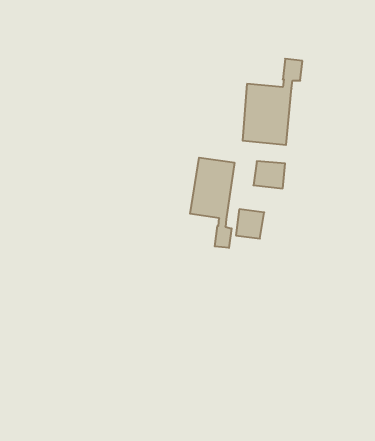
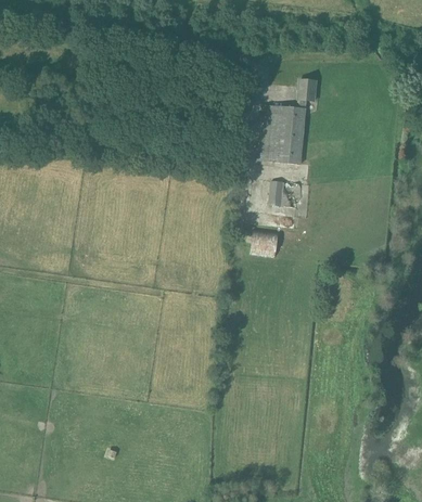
building: [190,158,234,248] -> none

